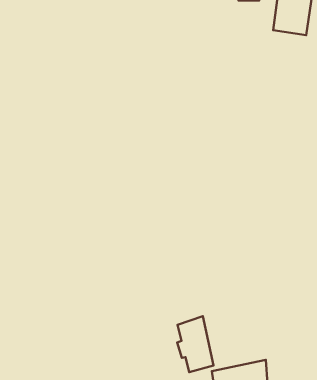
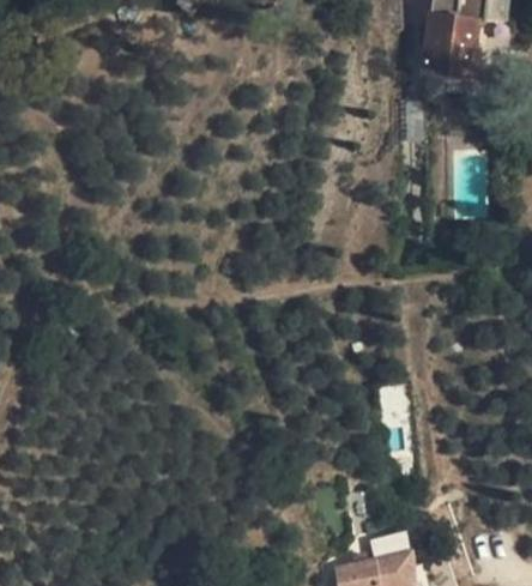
building: [177,316,214,372] -> none

